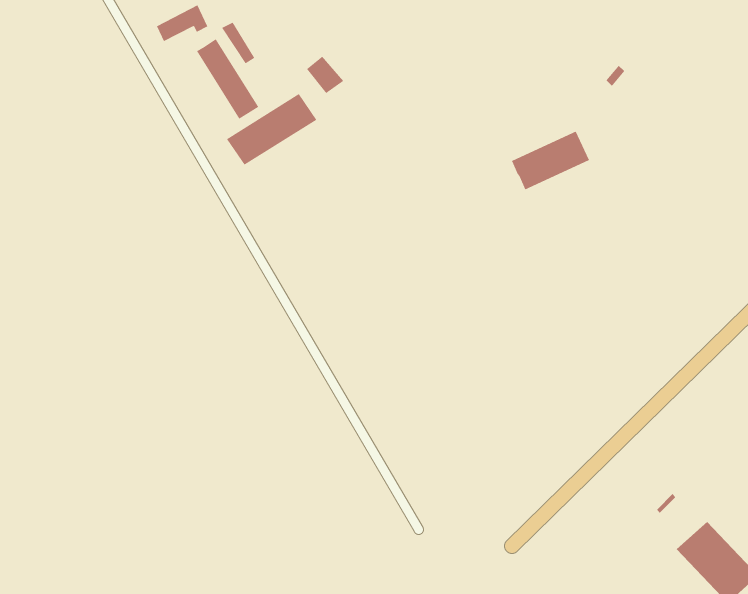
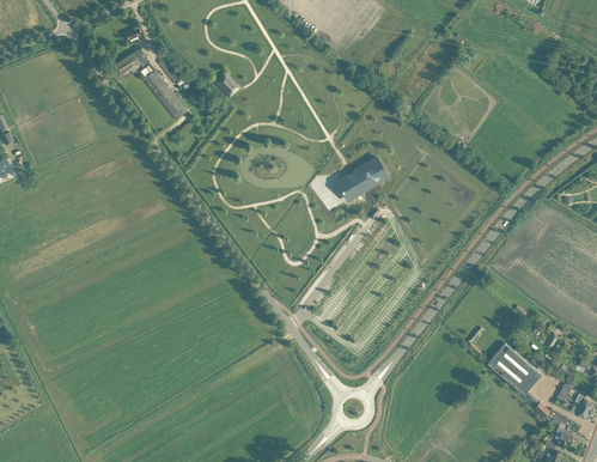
building: [226,93,317,166] -> none
building: [511,131,590,190] -> [336,157,386,199]

